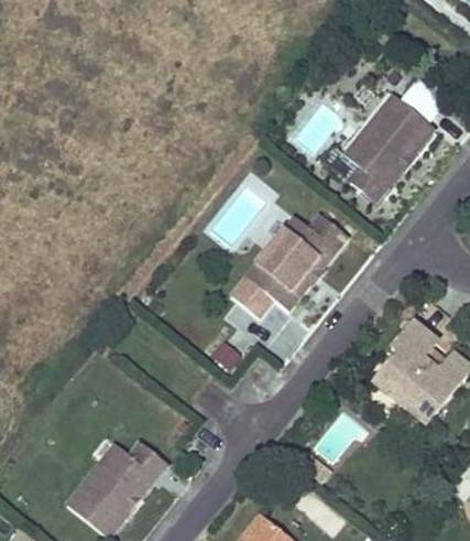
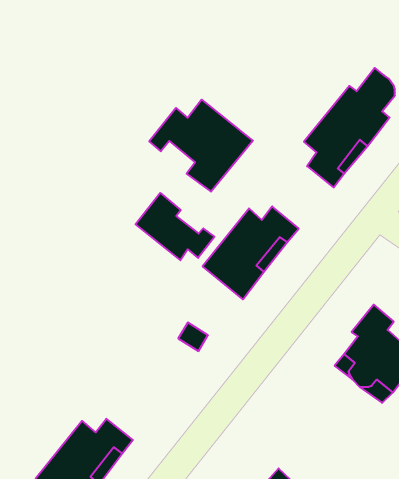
building: none -> [149,100,253,192]
building: none -> [136,193,214,260]

